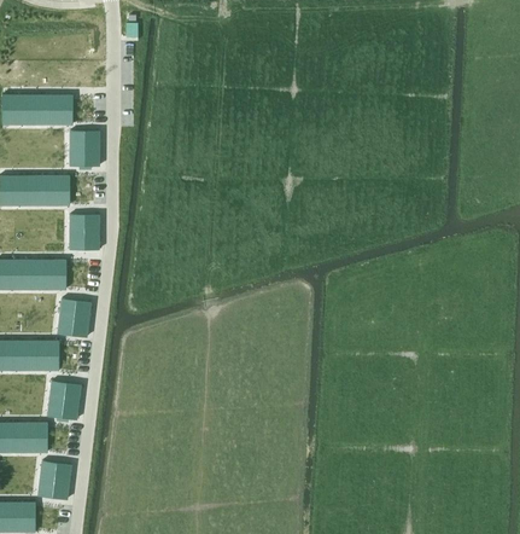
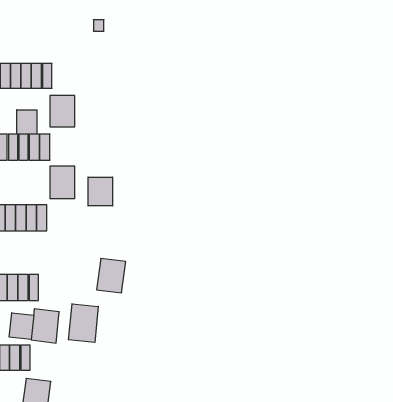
building: none -> [17,110,37,134]
building: none -> [88,177,113,206]
building: [55,296,89,336] -> [97,258,126,293]
building: none -> [68,304,98,342]
building: none -> [9,313,34,340]

